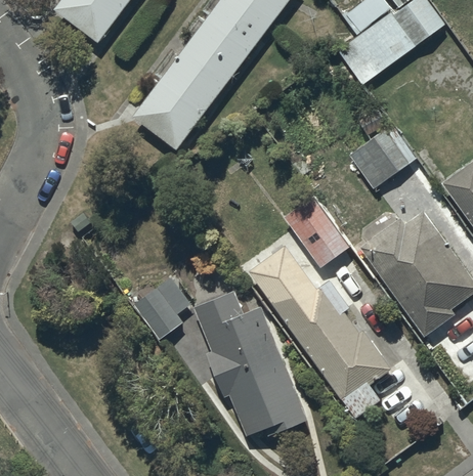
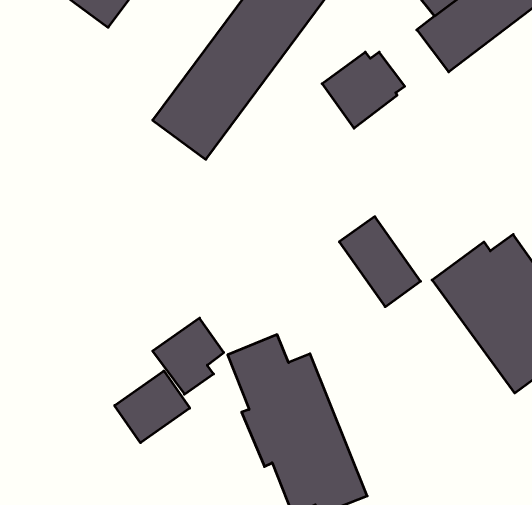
building: [347,128,414,189] -> [322,52,405,128]
building: [248,243,392,417] -> none
building: none -> [115,371,190,443]

